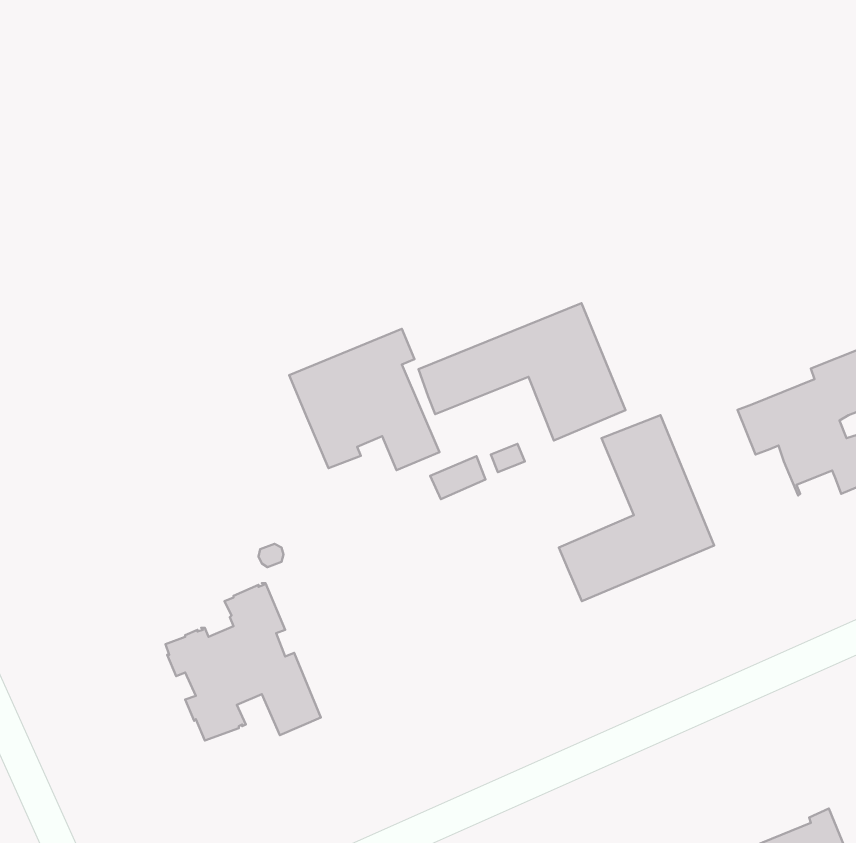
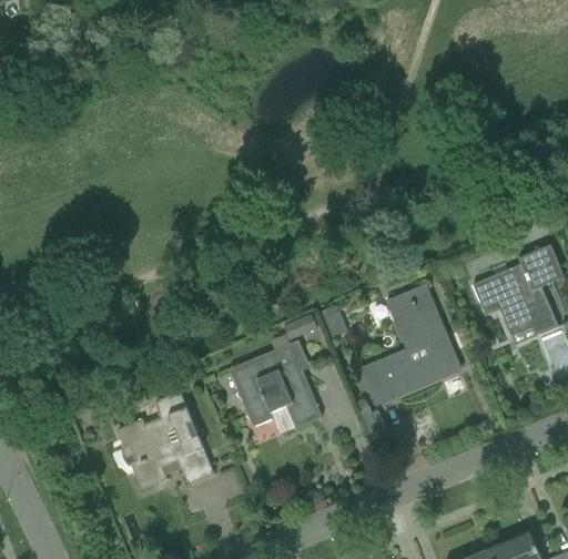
building: [418,303,625,440] -> none
building: [289,329,439,470] -> [227,339,321,427]

